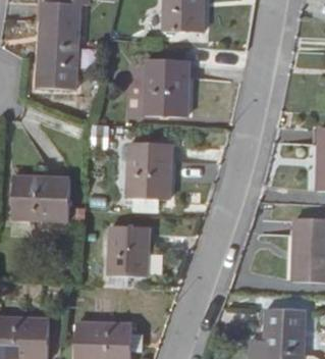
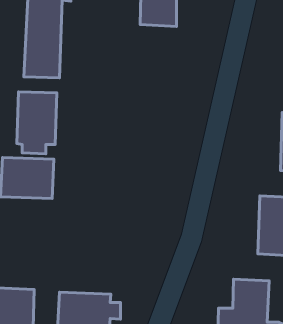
building: [146,60,188,116] -> none
building: [128,142,172,209] -> [17,92,57,154]
building: [109,225,150,285] -> none

